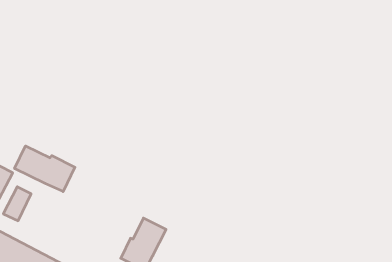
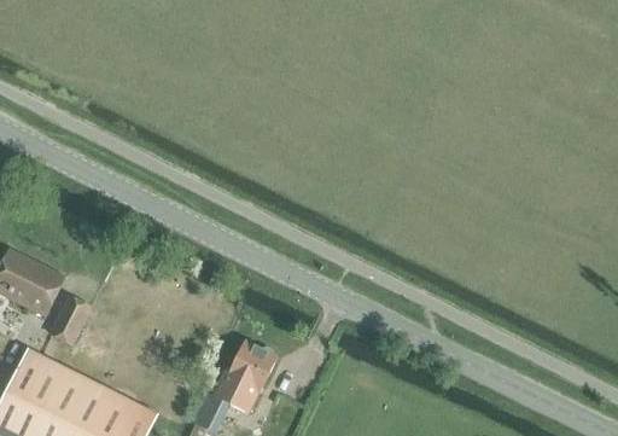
building: [15,146,75,192] -> none

